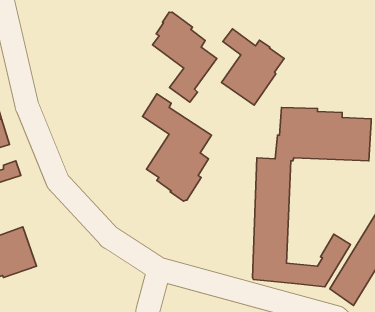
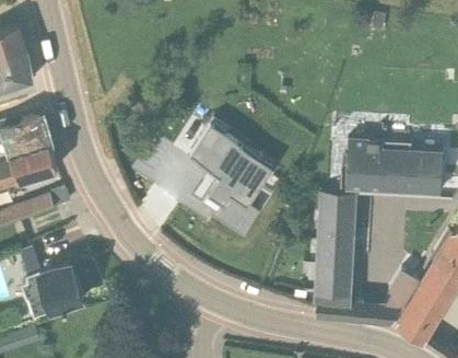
building: [152,12,217,102] -> none
building: [221,29,284,105] -> none

